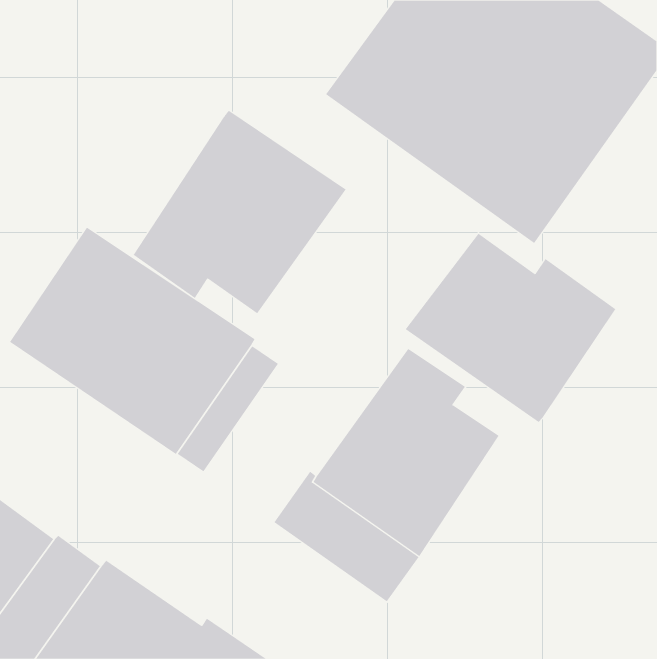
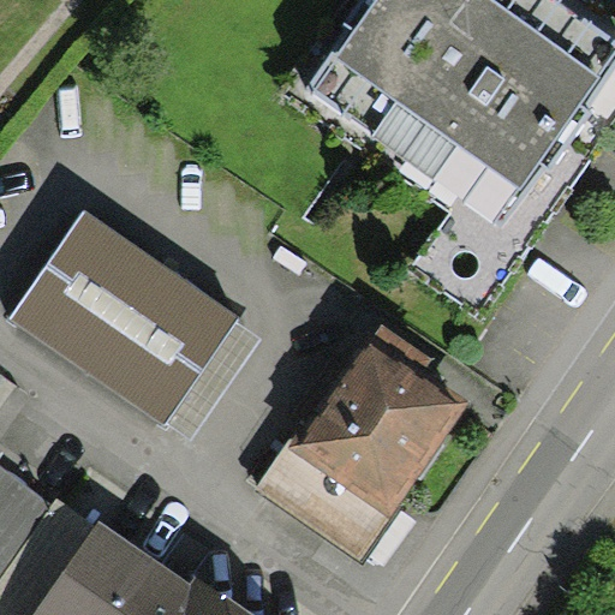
building: [133,110,347,314] -> none
building: [405,233,616,423] -> none

